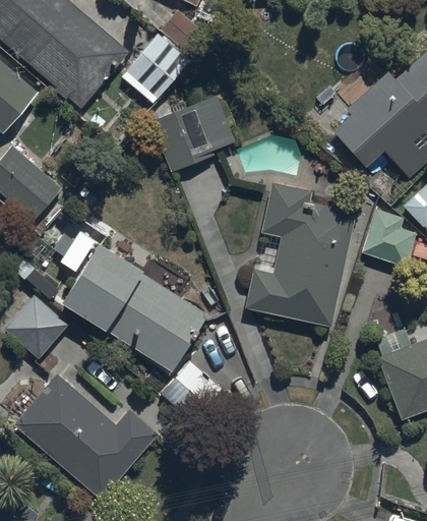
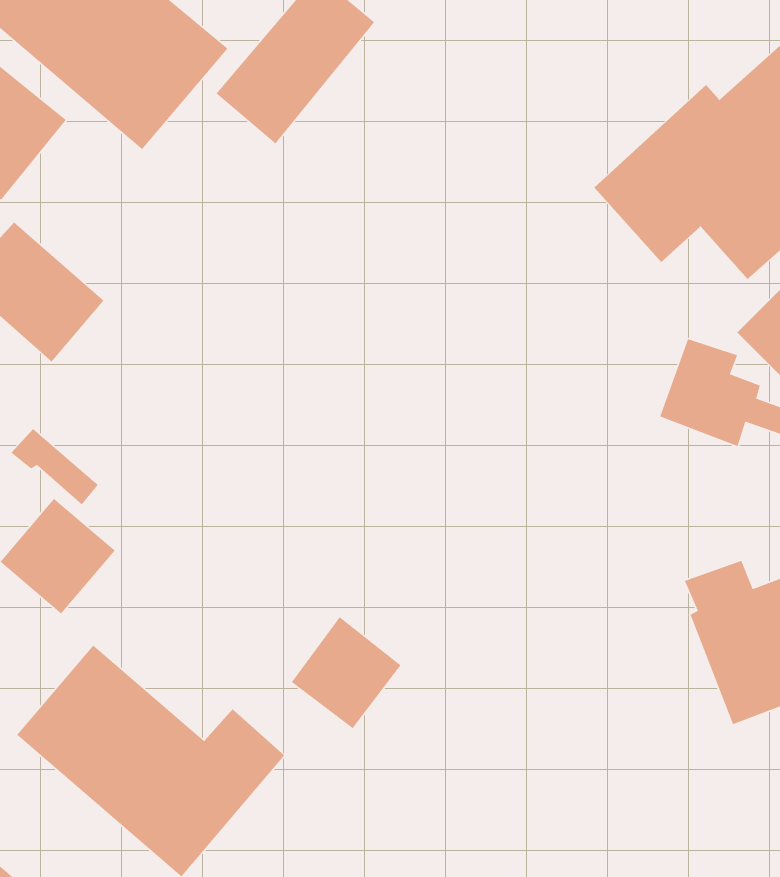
building: [150,97,235,173] -> none
building: [244,182,356,326] -> none
building: [61,242,206,369] -> none

